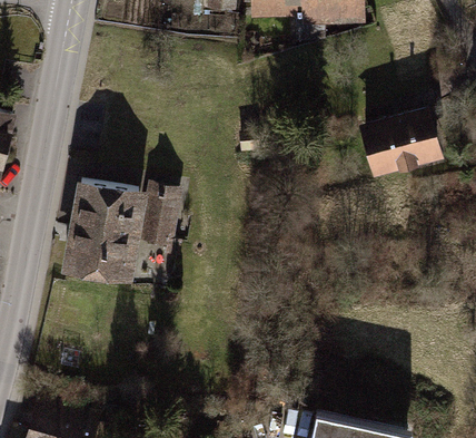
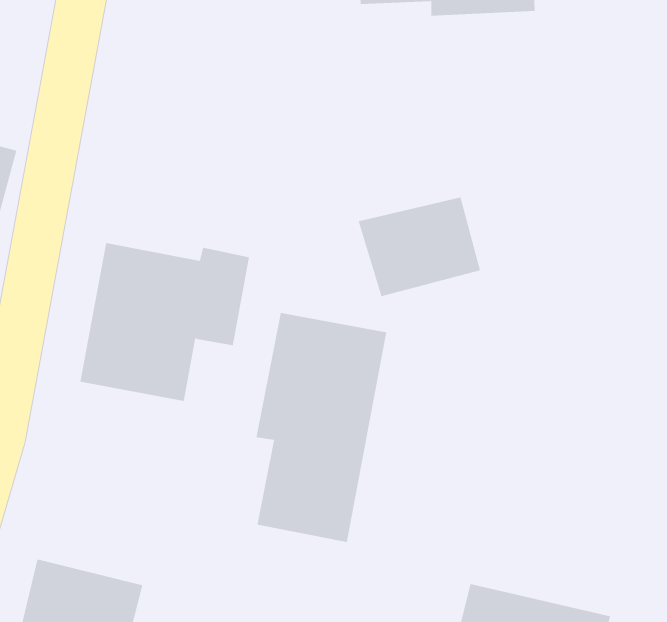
building: [356,107,439,175] -> [358,197,481,297]
building: none -> [256,312,387,543]

